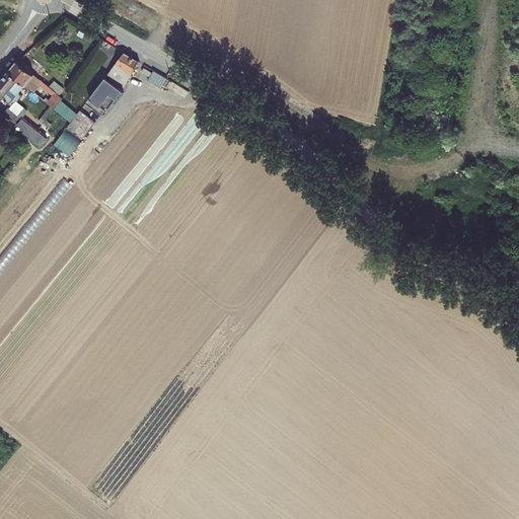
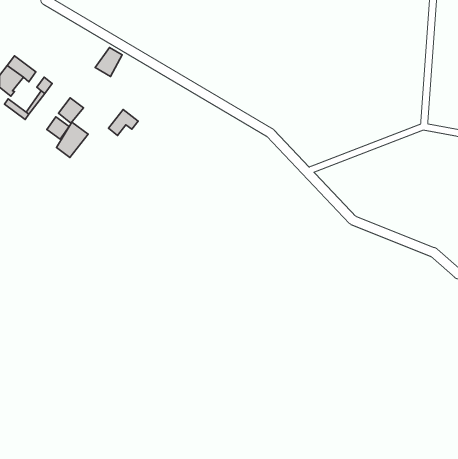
building: [89,78,123,107] -> [109,109,138,136]
building: none -> [57,122,88,158]

